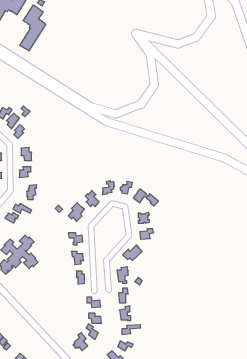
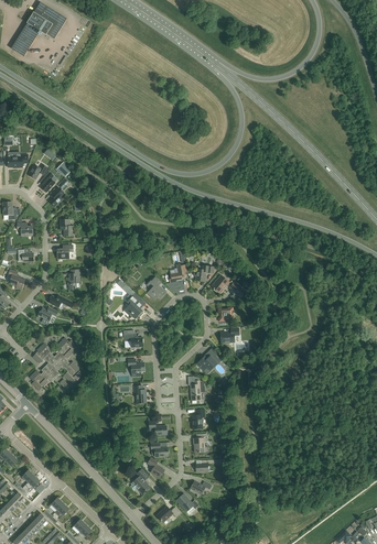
building: [20,5,46,51] -> none

